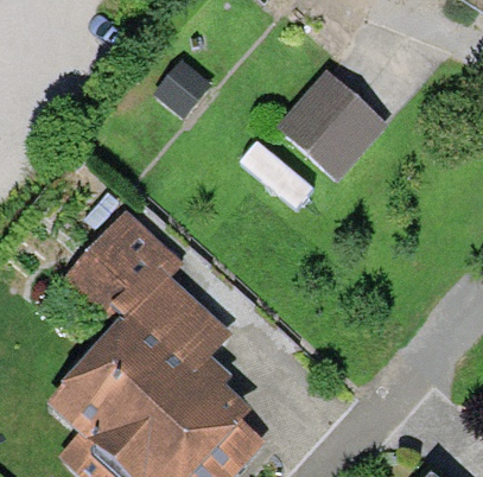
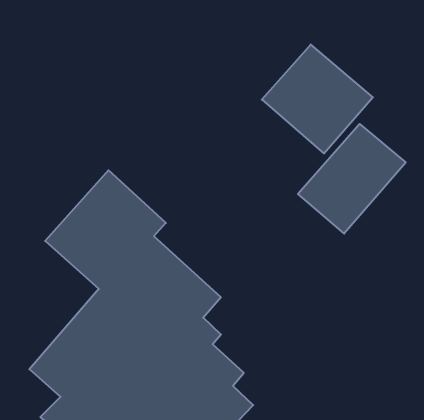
building: none -> [298,124,406,234]

